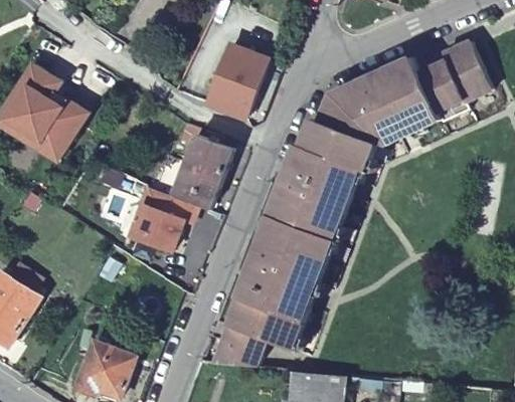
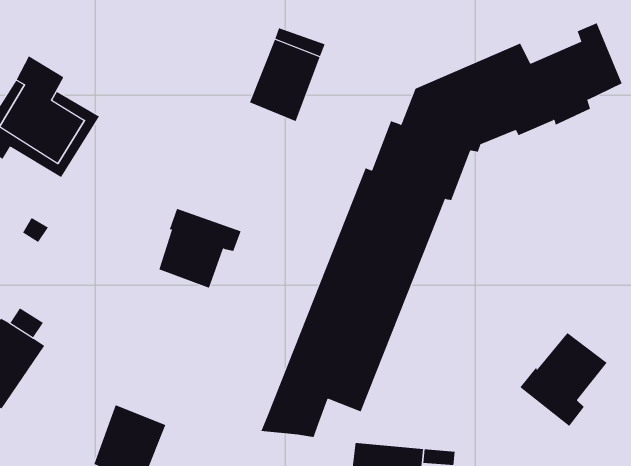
building: [171,121,229,206] -> none
building: none -> [520,332,607,427]

